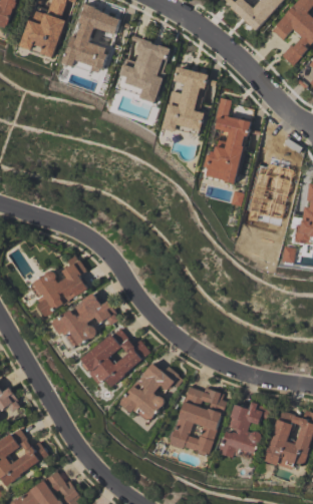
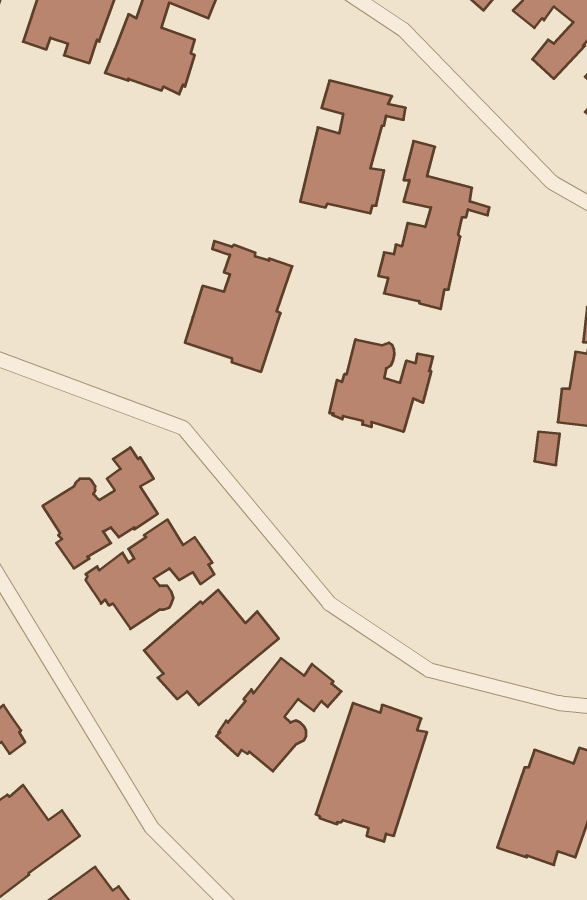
building: [115,35,171,102] -> [185,241,292,372]
building: none -> [330,339,433,432]
building: [218,401,270,460] -> none

